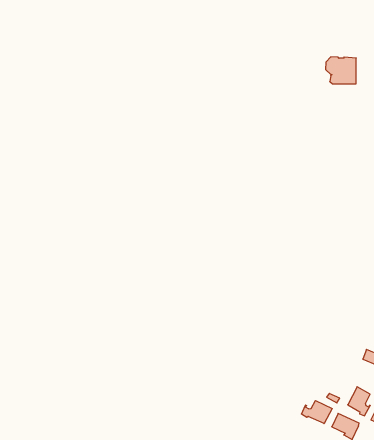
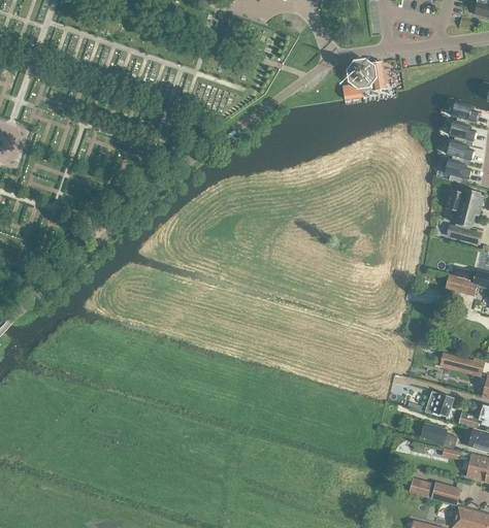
building: [301,401,332,424] -> none

